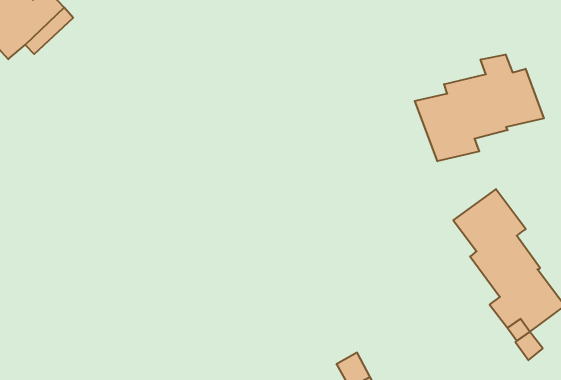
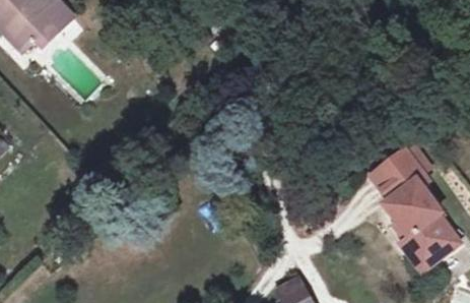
building: [415,54,544,161] -> none

